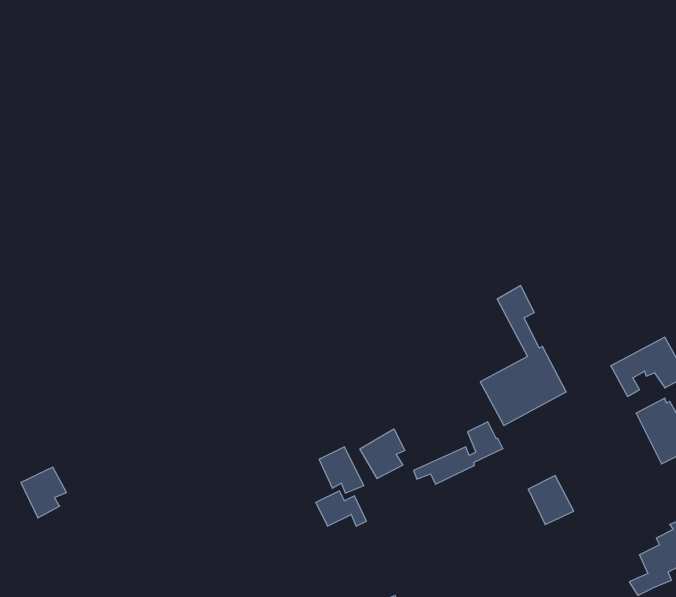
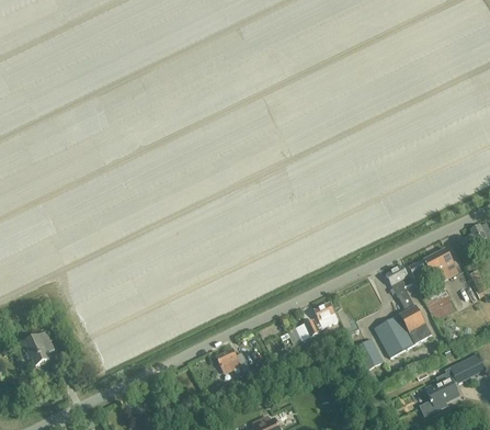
building: [480,286,566,426] -> [375,265,431,357]
building: [360,429,405,479] -> none
building: [319,447,364,493] -> none

